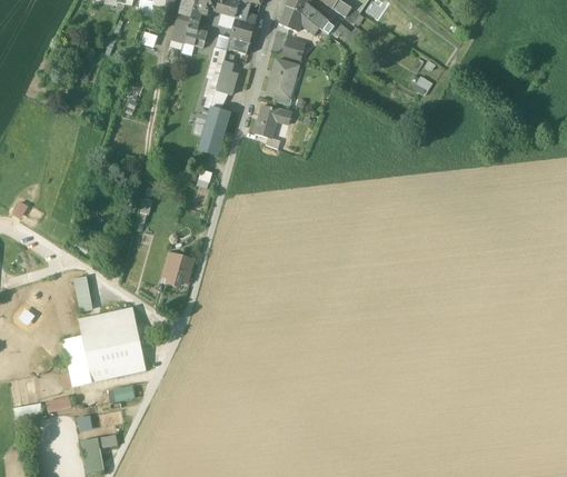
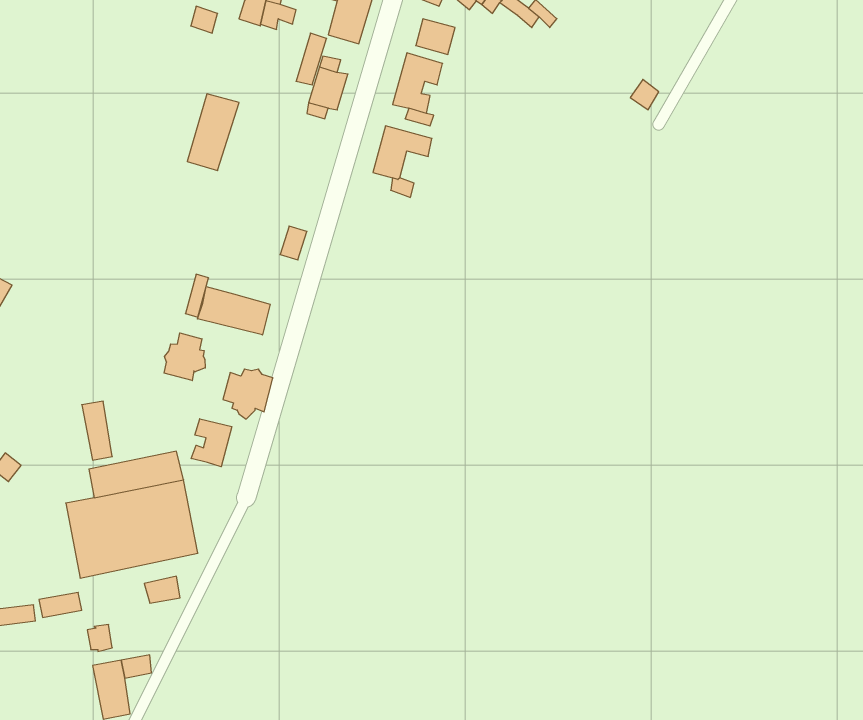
building: [198,107,230,155] -> [187,94,239,171]
building: none -> [197,287,270,335]
building: none -> [164,333,205,381]
building: none -> [191,419,232,467]

